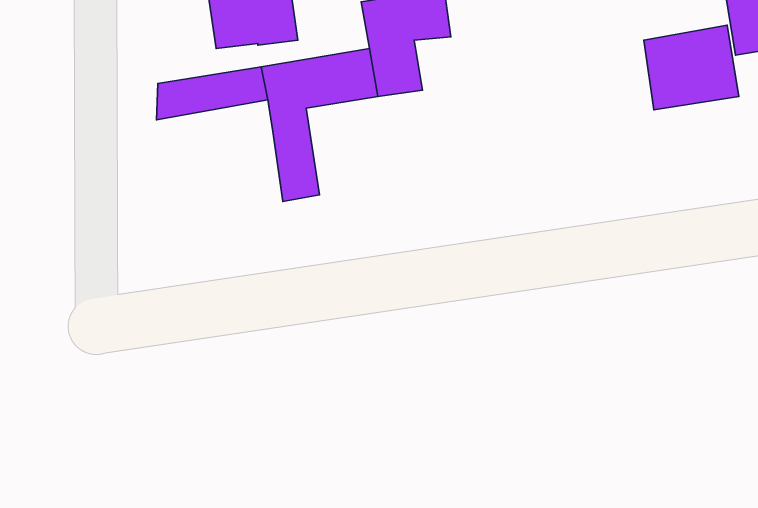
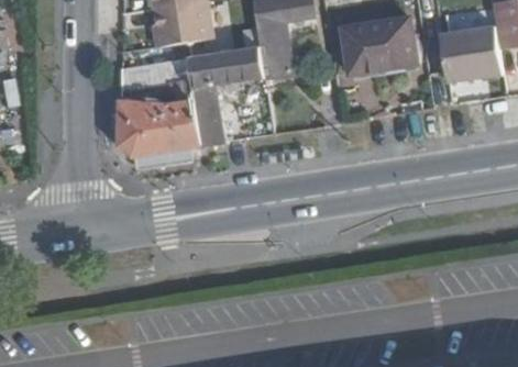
building: none -> [344,20,417,76]
building: none -> [118,99,201,155]

